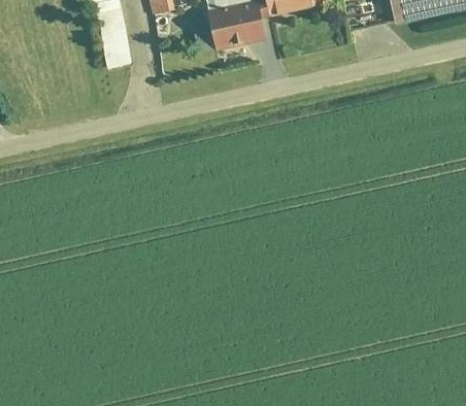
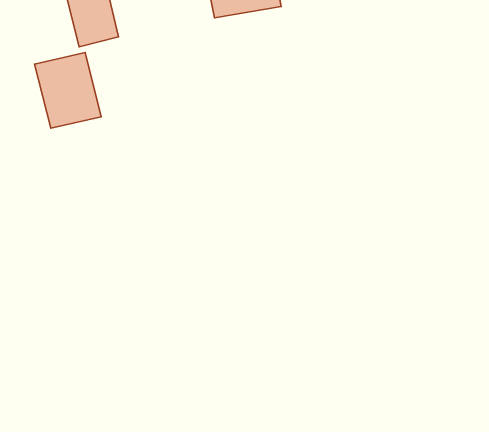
building: none -> [35,53,101,128]

